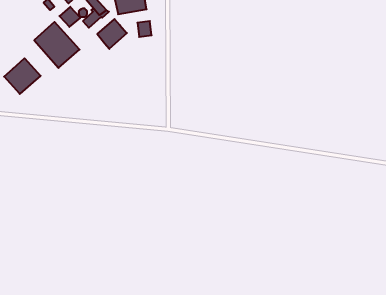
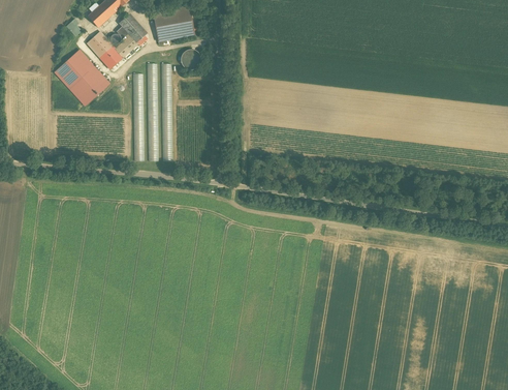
building: [97,19,127,49] -> none
building: [4,58,41,94] -> none

